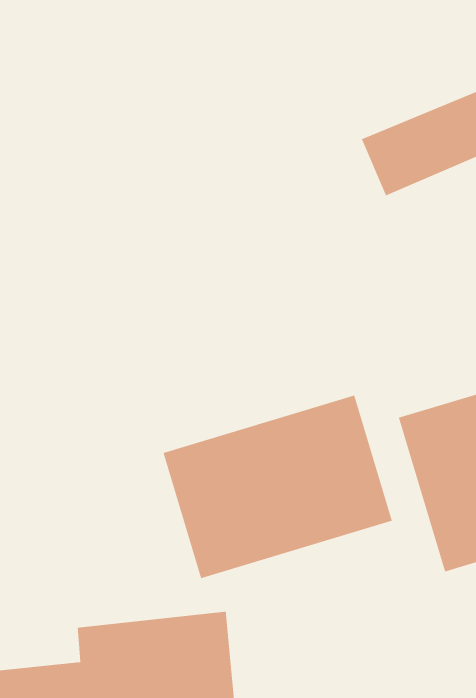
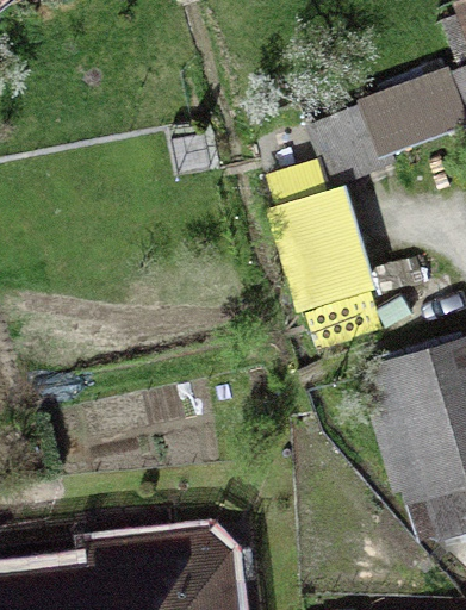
building: none -> [286,189,387,310]
building: [163,395,393,579] -> none

